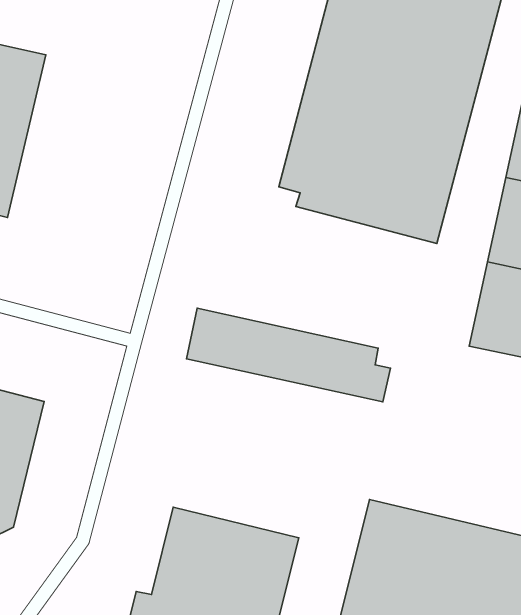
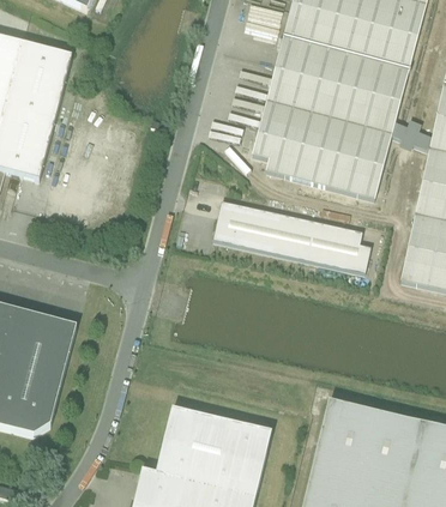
building: [186,308,390,402] -> [210,197,369,270]

